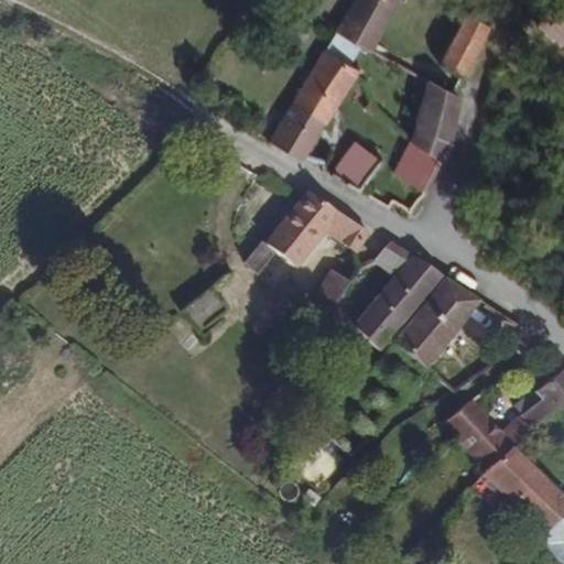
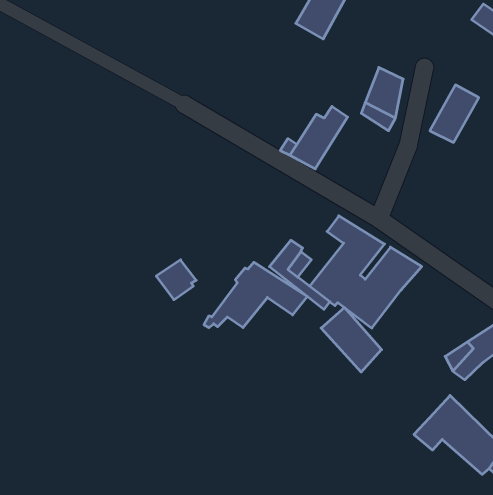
building: [438,7,494,72] -> [430,85,479,142]
building: [271,48,359,161] -> none
building: [400,128,445,177] -> none
building: [252,192,369,265] -> [204,262,307,328]
building: [446,399,514,471] -> [321,308,382,372]

